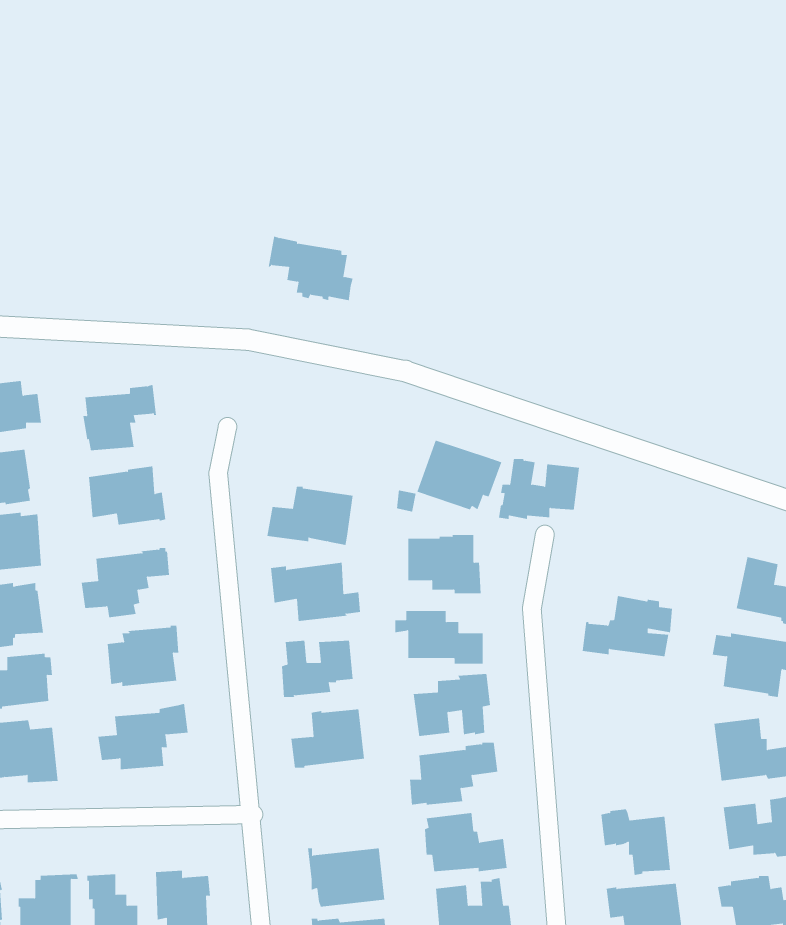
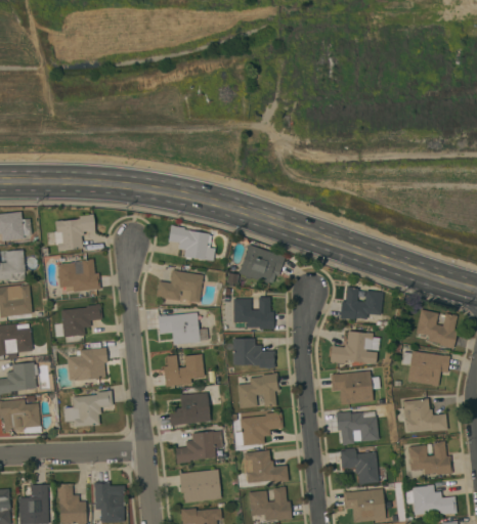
building: [268,236,353,301] -> [168,225,215,261]
building: [498,458,580,520] -> [339,287,384,320]
building: none -> [331,370,380,405]
building: none -> [336,411,379,445]
building: none -> [175,431,223,465]

